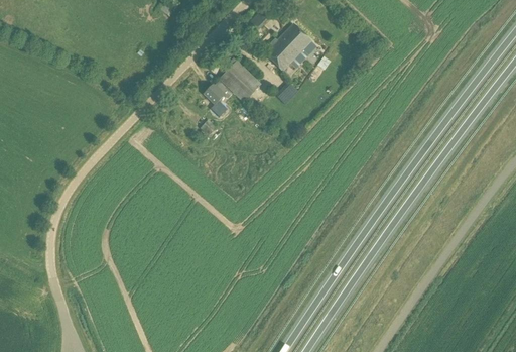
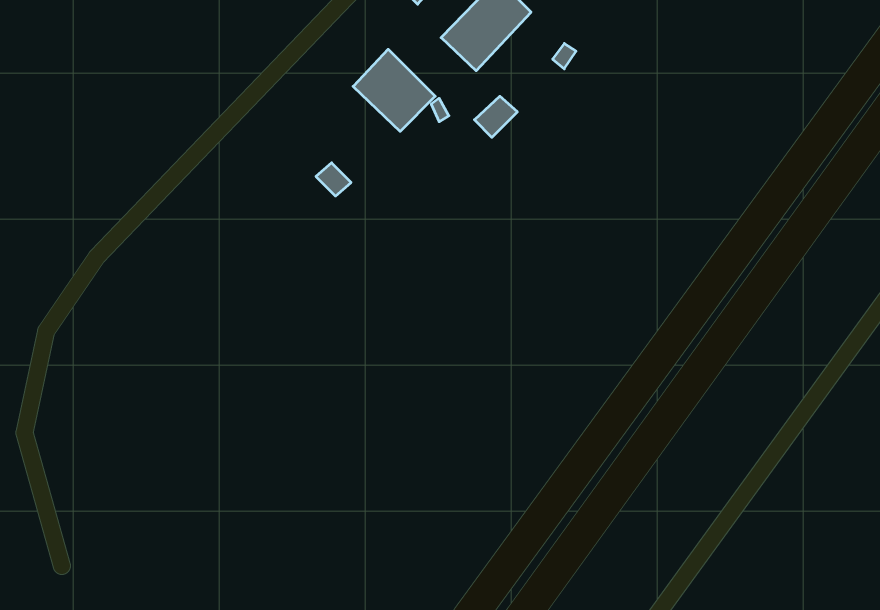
building: [203,80,232,116] -> none

